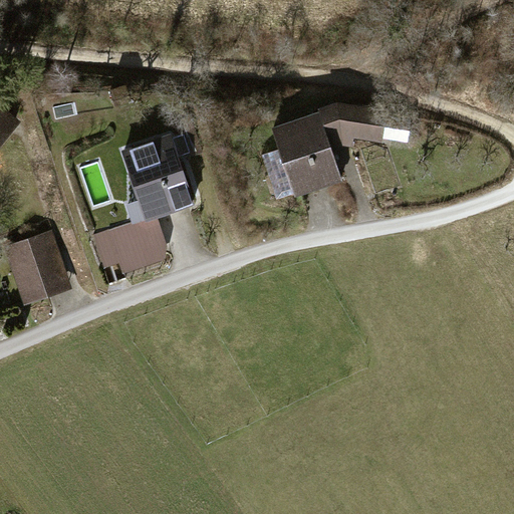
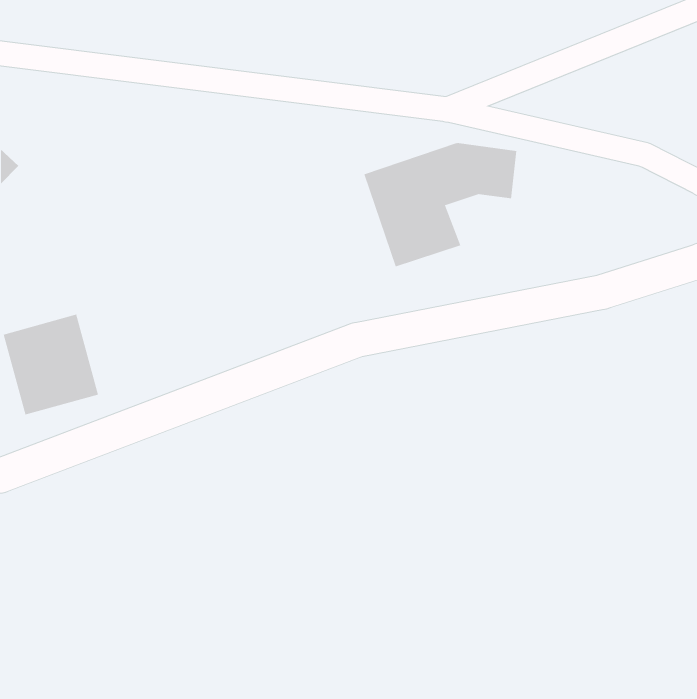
building: [123,135,191,216] -> none
building: [94,217,167,268] -> none

